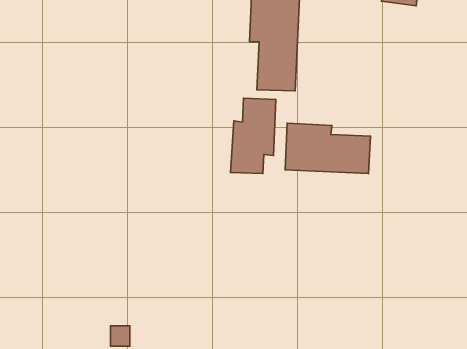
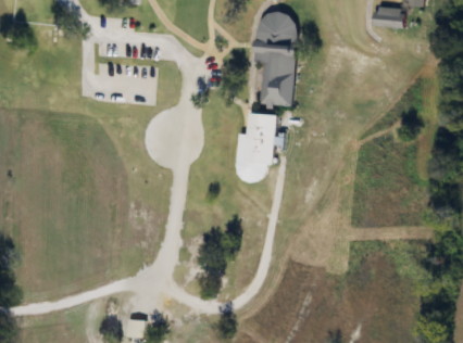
building: [285,123,371,173] -> none

